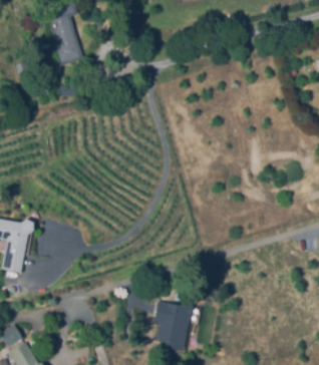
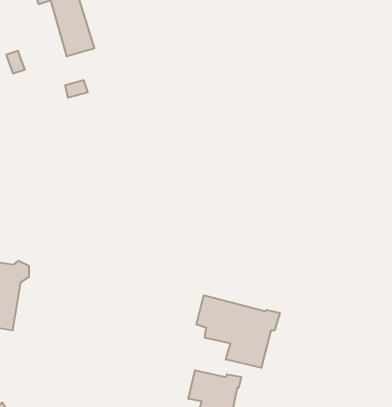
building: none -> [196,295,280,368]

